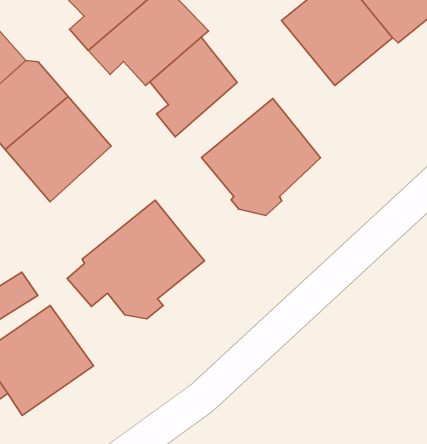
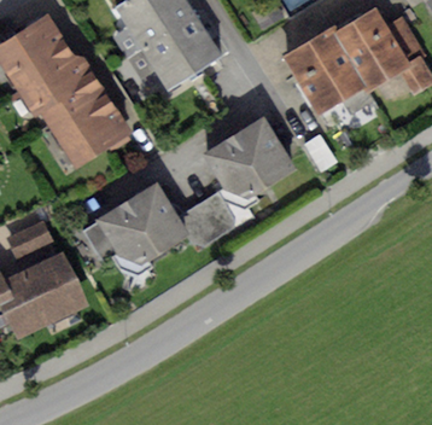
building: [150,37,237,137] -> none
building: none -> [179,191,234,245]

